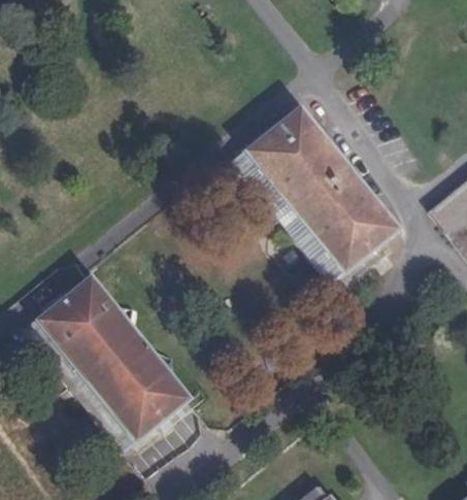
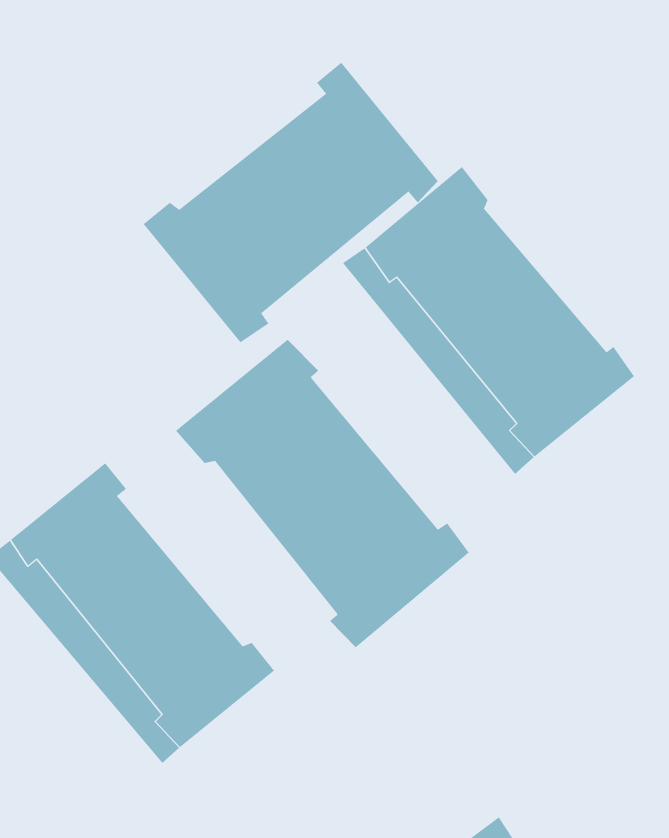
building: none -> [143,62,439,343]
building: none -> [175,339,469,648]

